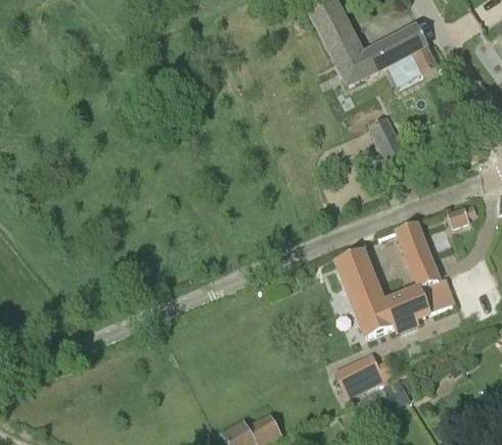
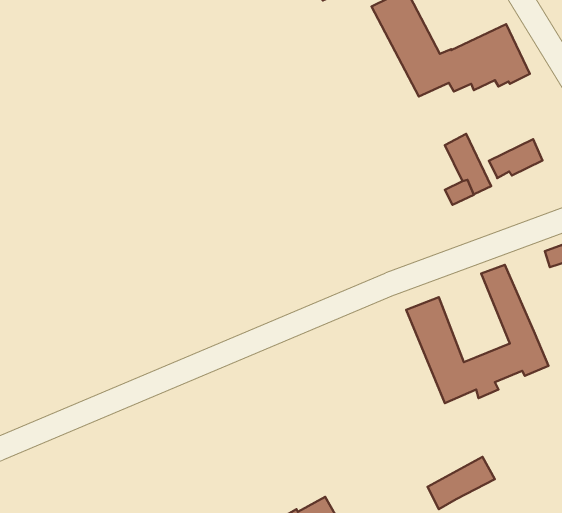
building: none -> [489,139,543,178]
building: [332,359,382,397] -> none

